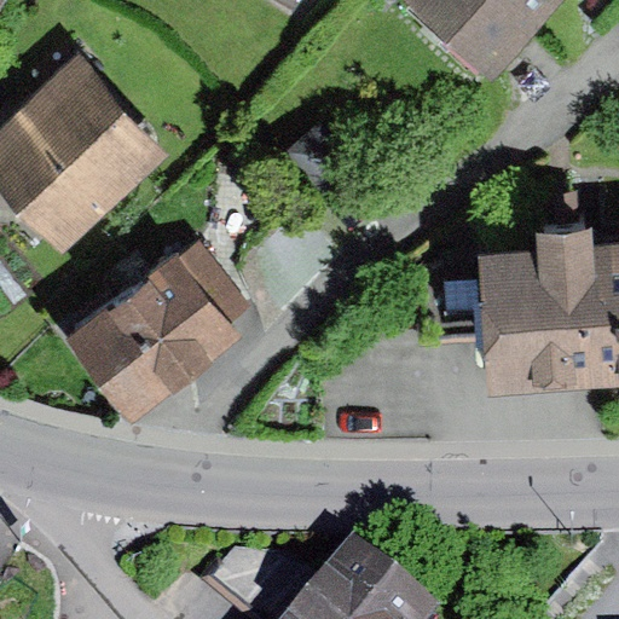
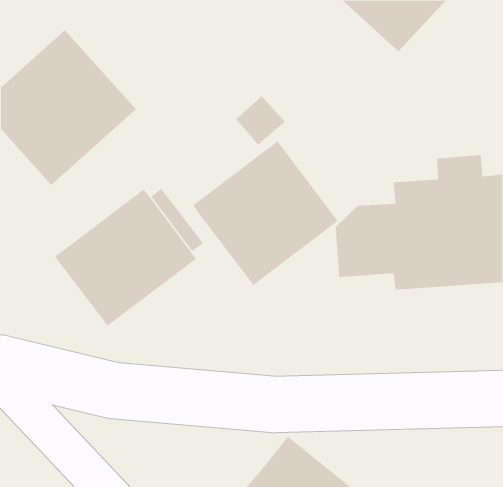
building: none -> [193,141,339,286]

